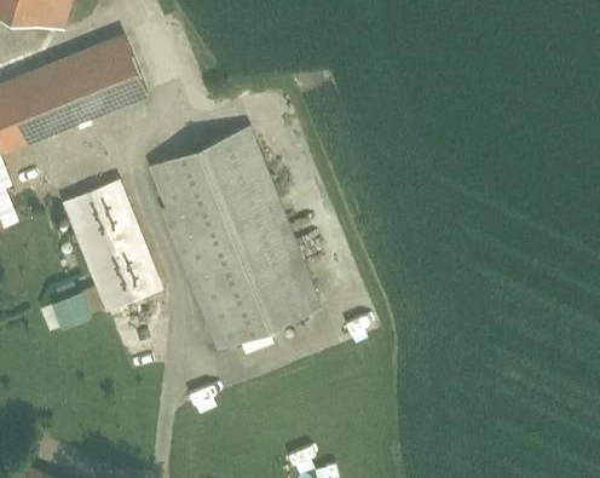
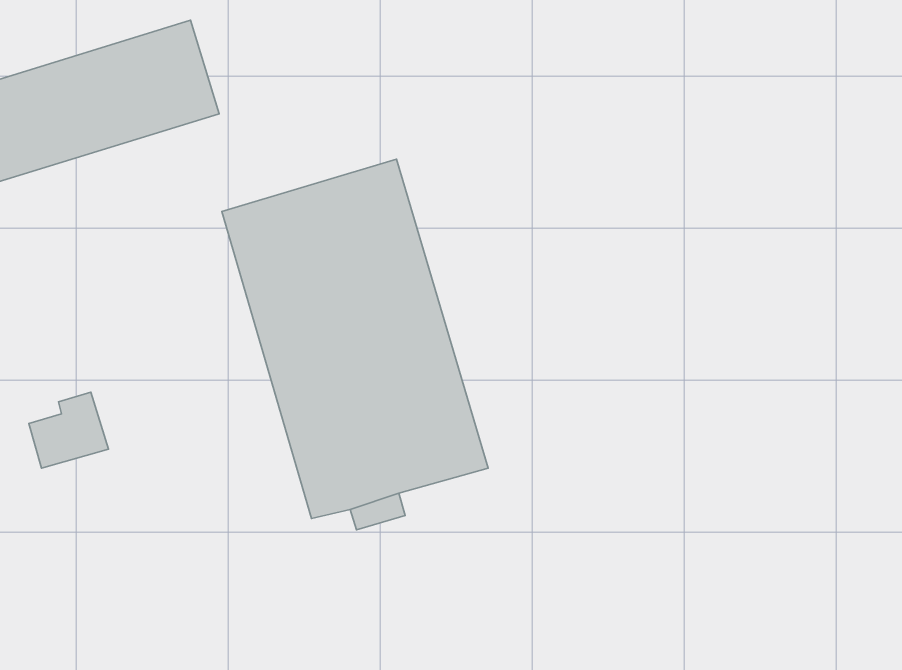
building: [62,180,162,312] -> none

